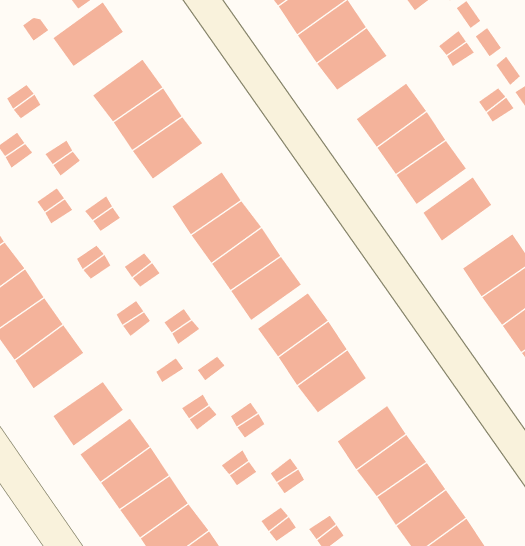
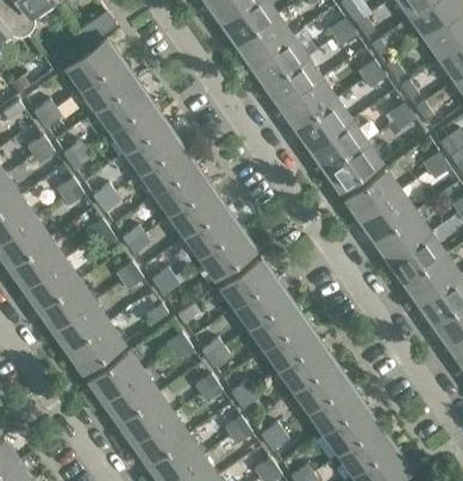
building: none -> [83,62,136,110]
building: none -> [281,80,333,127]
building: none -> [143,145,195,193]
building: none -> [359,192,413,239]
building: none -> [54,302,106,350]
building: none -> [267,321,319,369]

